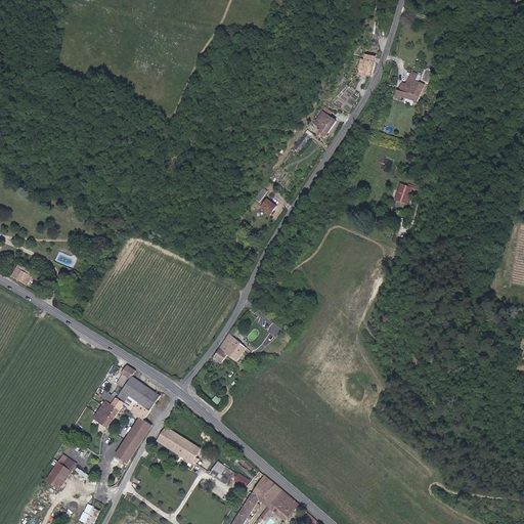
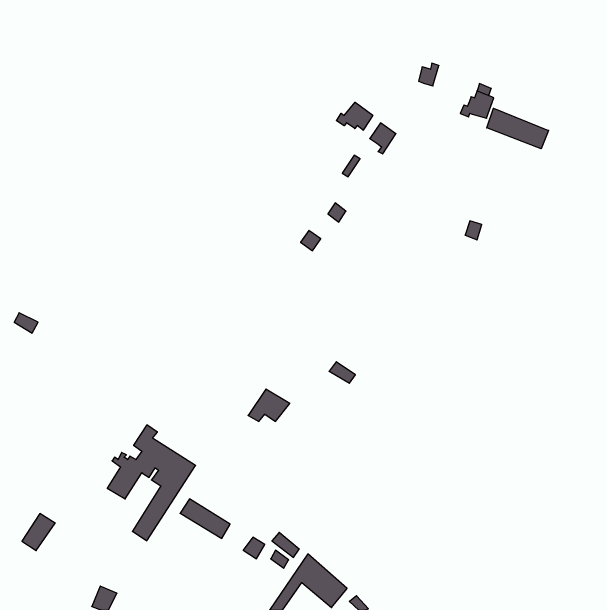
building: none -> [336,102,373,130]
building: none -> [487,108,549,149]
building: [46,455,75,487] -> [22,514,55,551]

